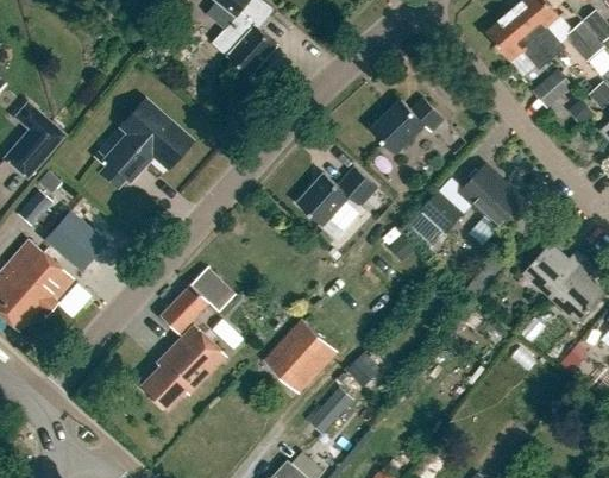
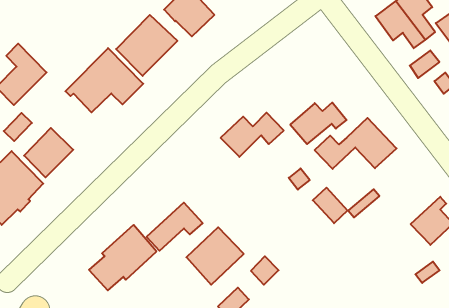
building: none -> [116,15,177,76]
building: [371,98,444,153] -> [290,103,347,144]
building: [523,243,586,297] -> none
building: none -> [313,188,348,223]
building: [159,269,231,333] -> [147,203,203,251]

